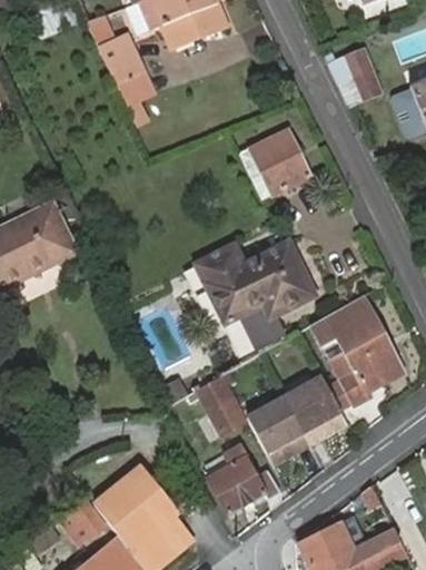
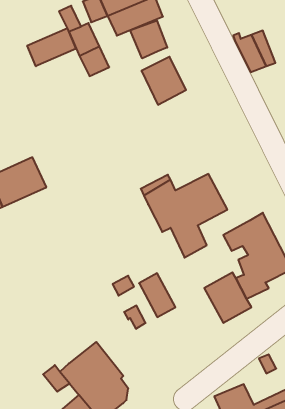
building: none -> [130,20,167,58]
building: none -> [27,28,76,66]
building: [249,129,309,194] -> [141,57,186,105]
building: [246,394,310,462] -> none
building: [209,440,280,512] -> none

